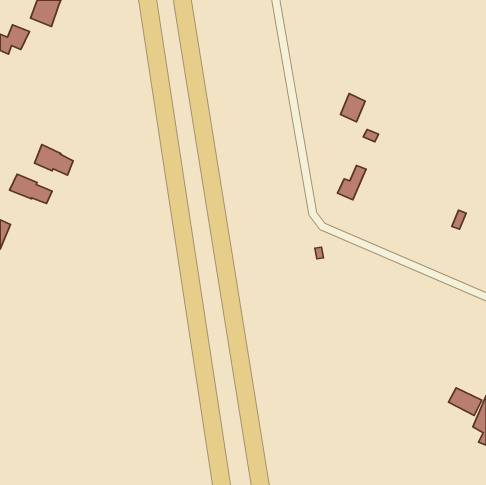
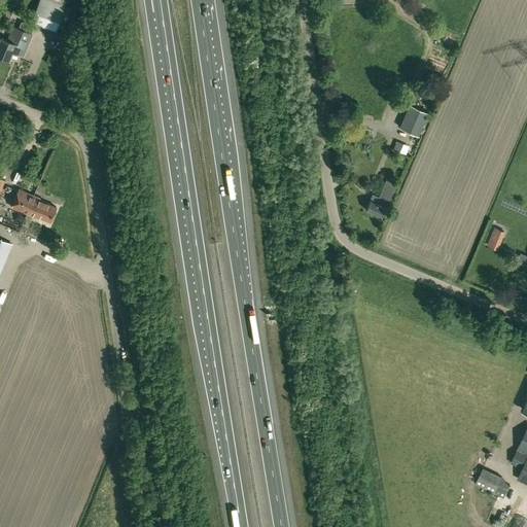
building: [340,93,365,122] -> [400,105,427,136]
building: [34,144,73,175] -> none
building: [449,388,482,415] -> [476,468,512,498]

